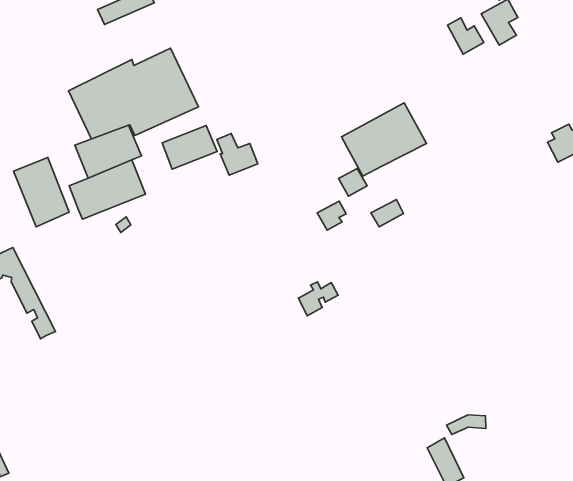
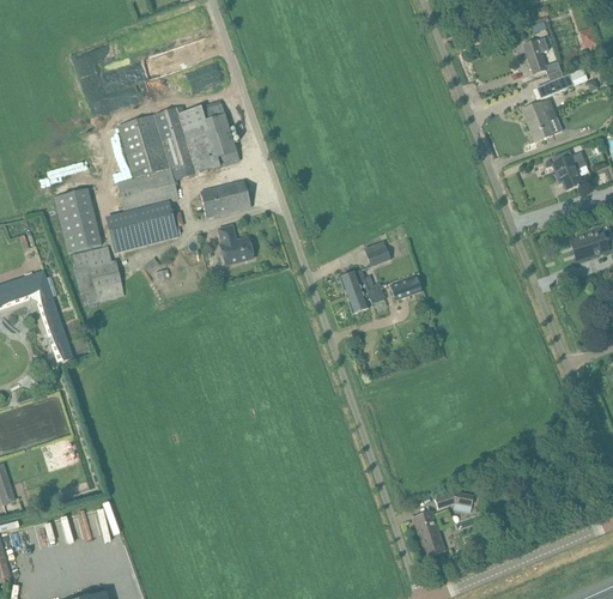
building: [447,18,484,54] -> none
building: none -> [552,150,585,190]
building: [342,103,426,176] -> none
building: [217,134,258,175] -> [217,225,253,265]
building: none -> [73,244,123,304]
building: [298,282,338,316] -> [346,283,384,314]

